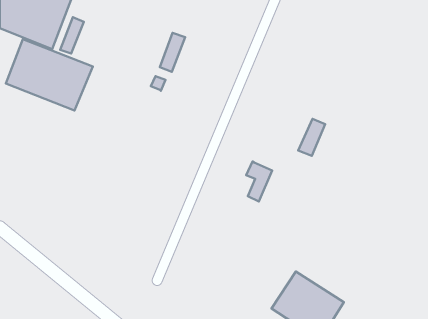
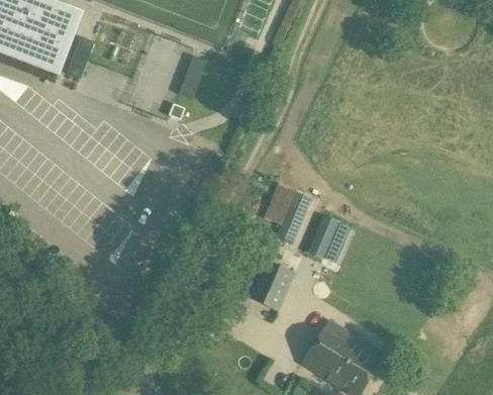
building: [6,39,93,111] -> none
building: [298,119,325,156] -> [308,215,338,257]
building: none -> [251,260,293,308]

